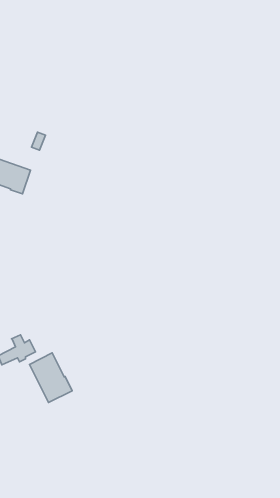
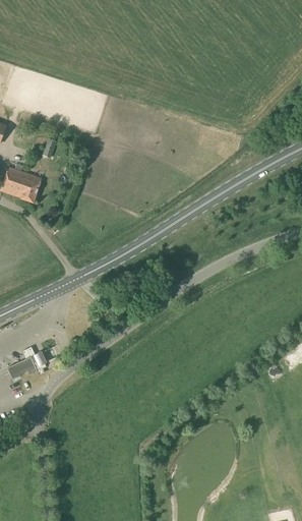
building: [29,353,72,402] -> none

